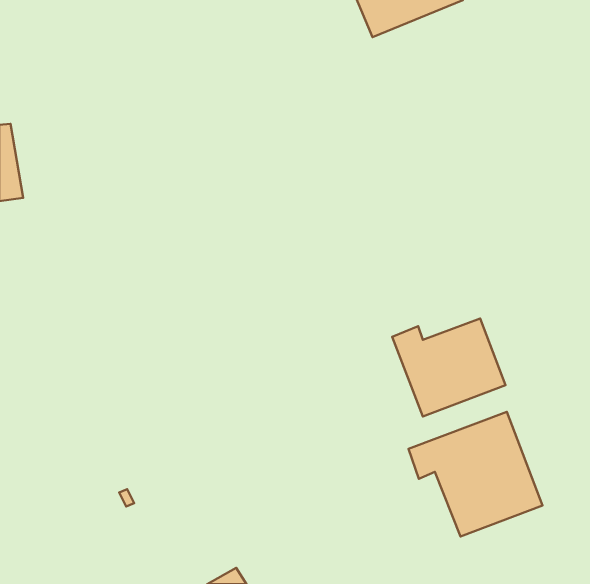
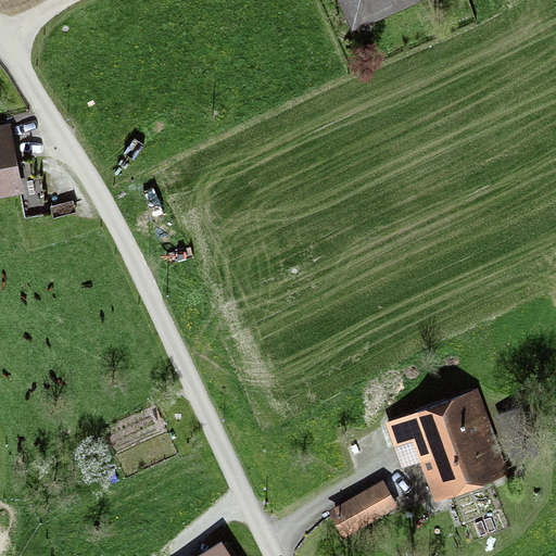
building: [392,319,506,417] -> none
building: none -> [327,482,395,539]

